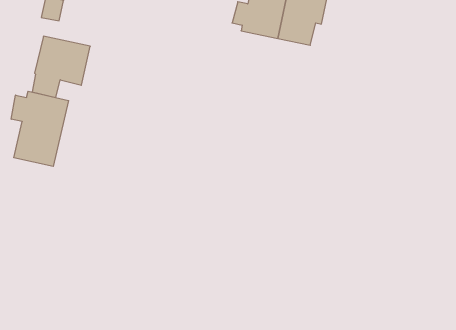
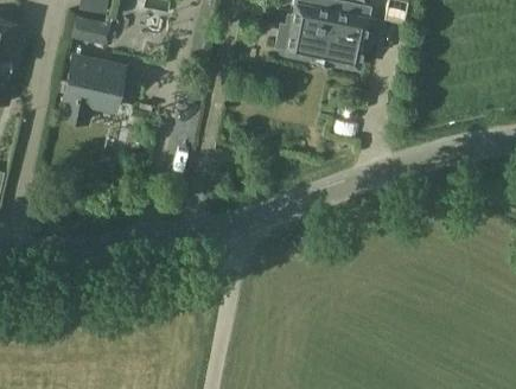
building: [11,91,69,166] -> none

